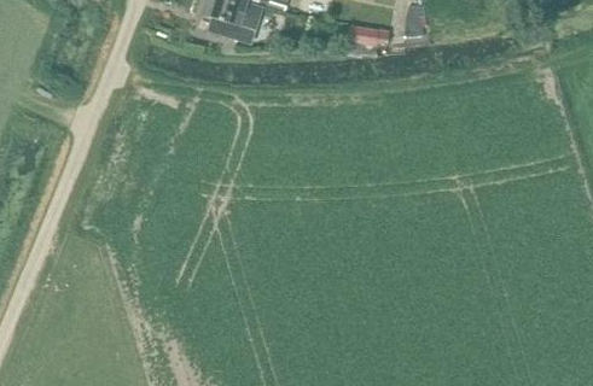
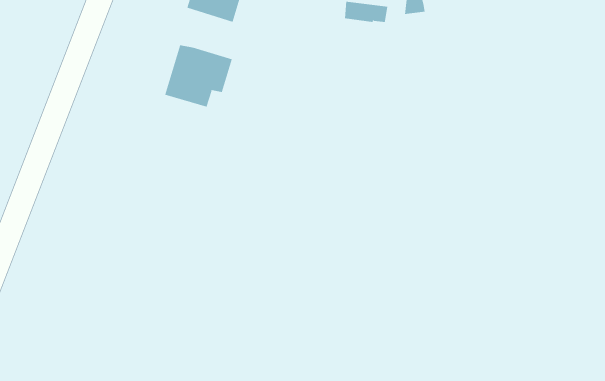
building: none -> [164,45,233,108]

